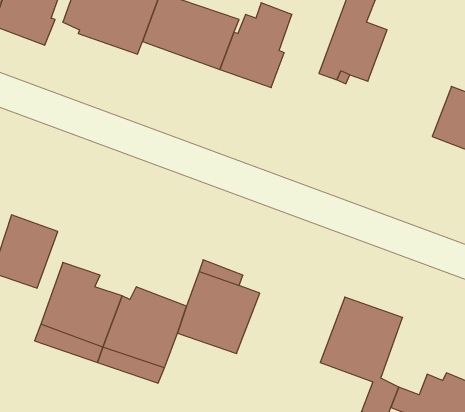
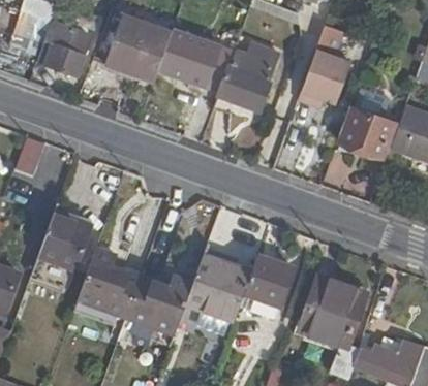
building: none -> [342,107,396,158]
building: none -> [247,257,296,308]

